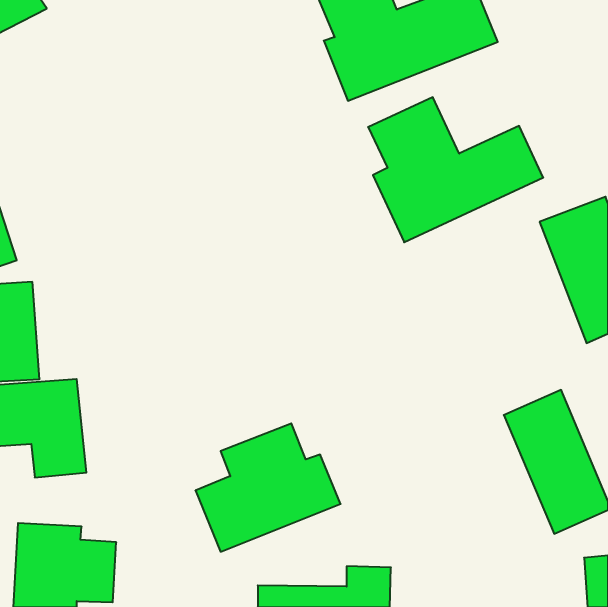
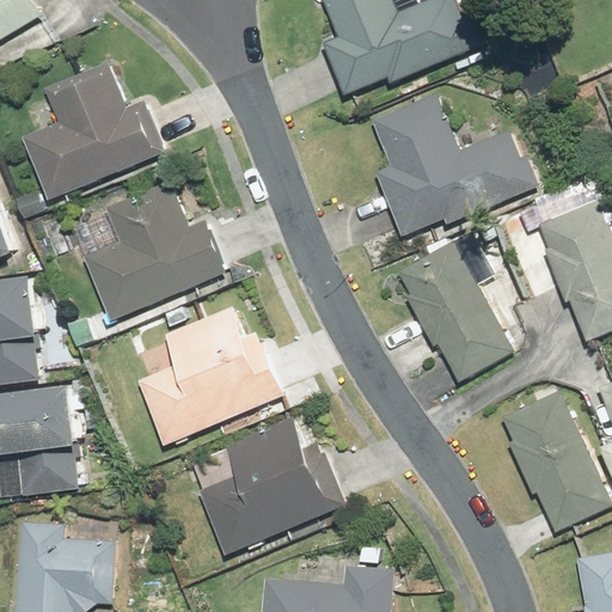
building: none -> [24,67,163,197]
building: none -> [75,186,227,324]
building: none -> [393,240,520,386]
building: none -> [134,307,283,445]

